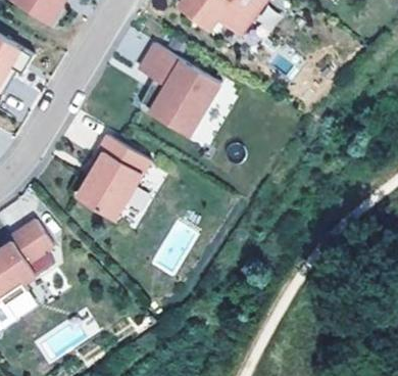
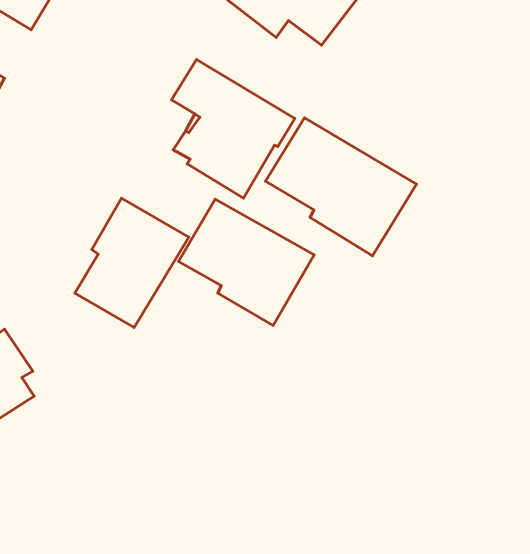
building: none -> [266,118,417,256]
building: none -> [179,199,314,325]

